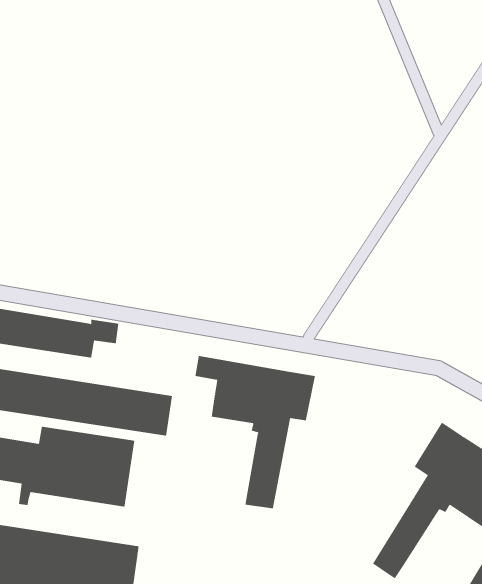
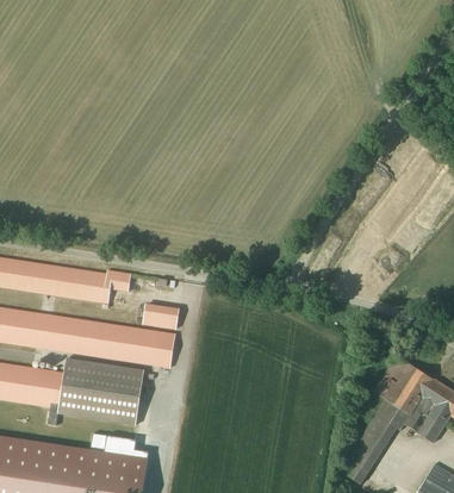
building: [195,355,315,509] -> none
building: none -> [143,304,180,329]

